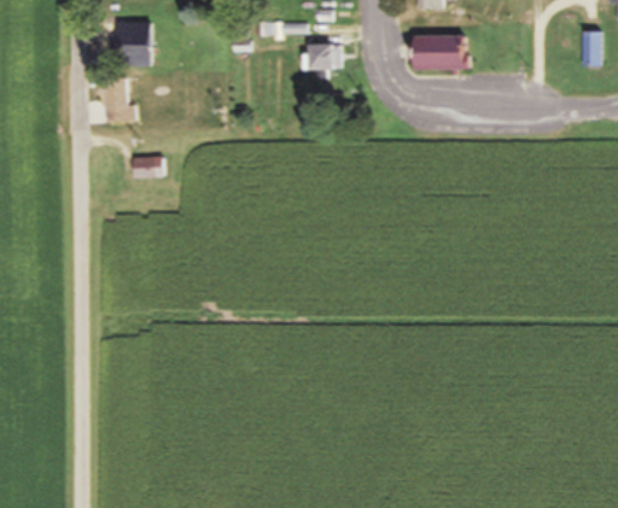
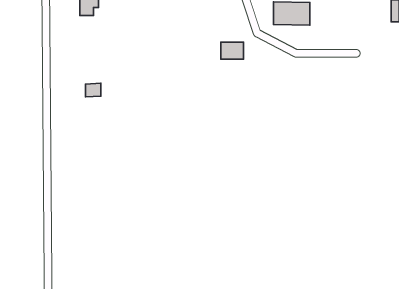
building: [305,43,339,69] -> [221,42,243,59]
building: [100,78,134,121] -> none

